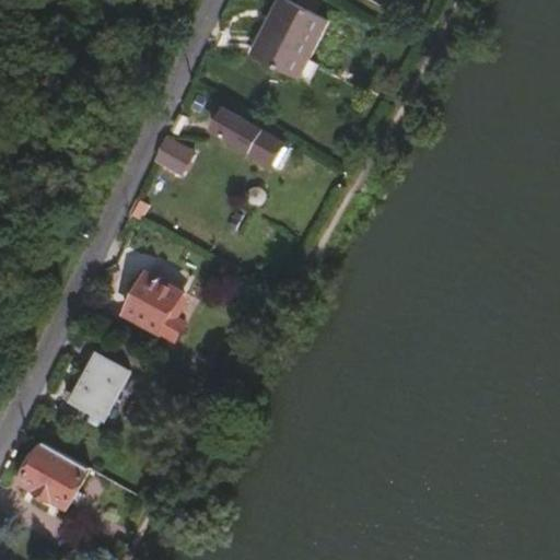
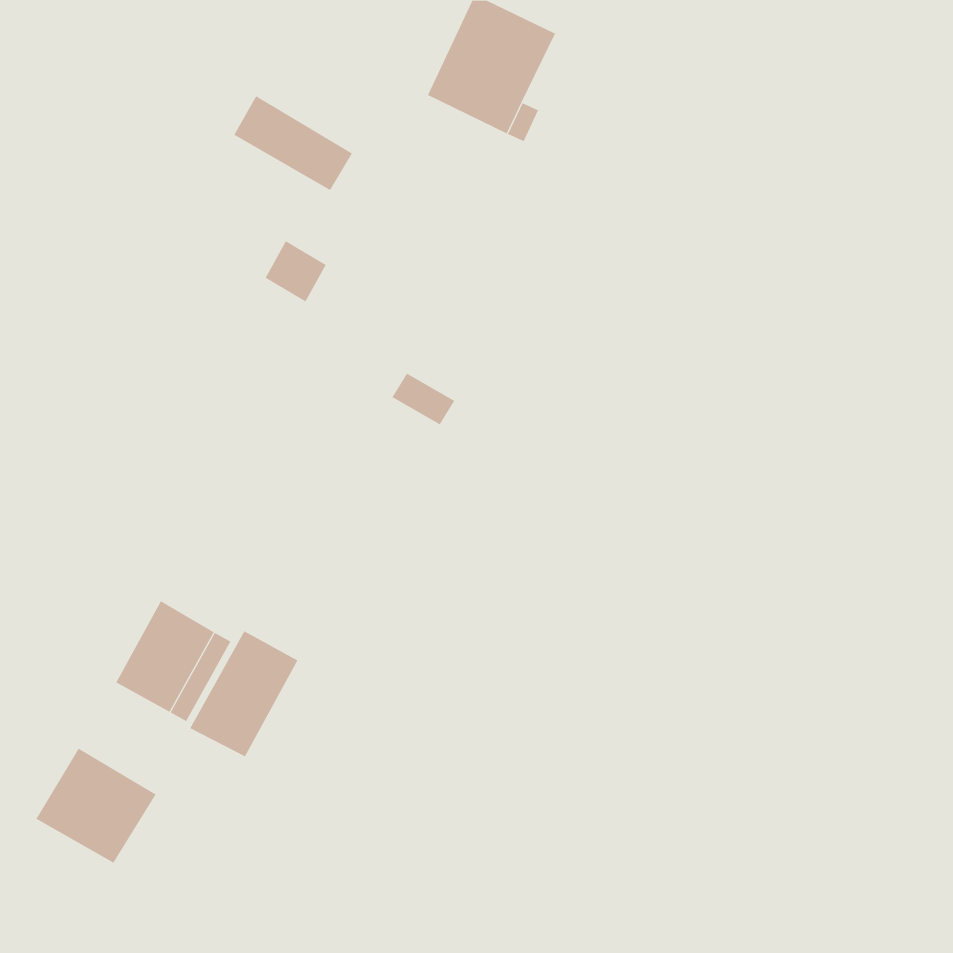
building: [205,106,275,162] -> [234,96,353,191]
building: [121,273,178,332] -> none
building: none -> [189,630,298,757]

